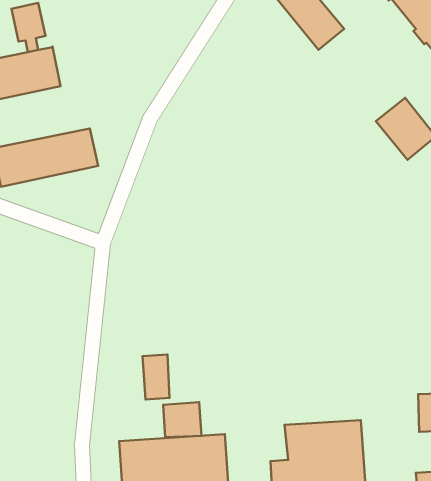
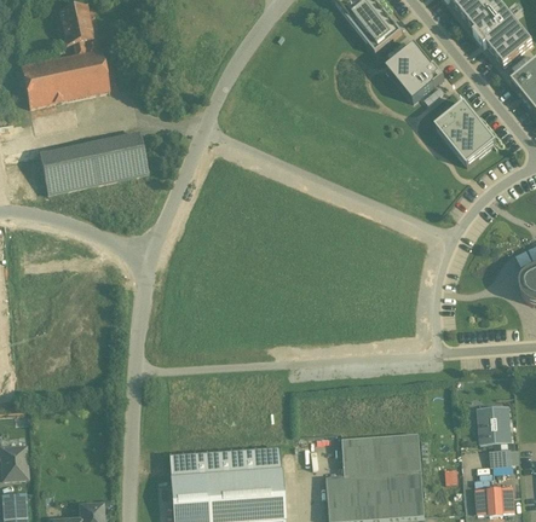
building: none -> [386,45,444,102]
building: [143,355,170,399] -> none
building: [163,402,202,437] -> none

